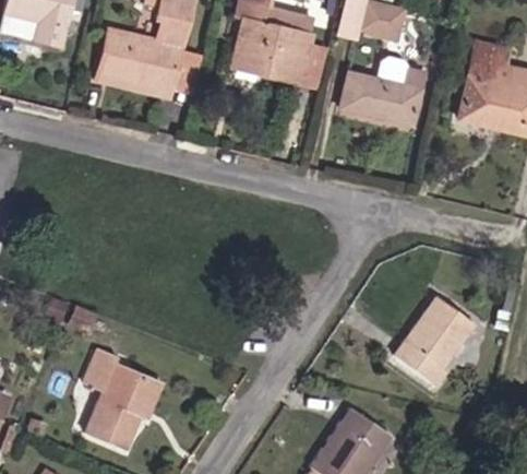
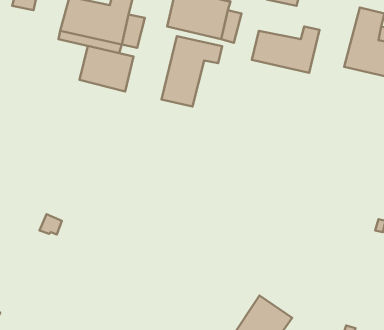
building: none -> [162,36,222,107]
building: none -> [80,46,134,91]
building: [394,296,475,387] -> none
building: [84,349,164,449] -> none

